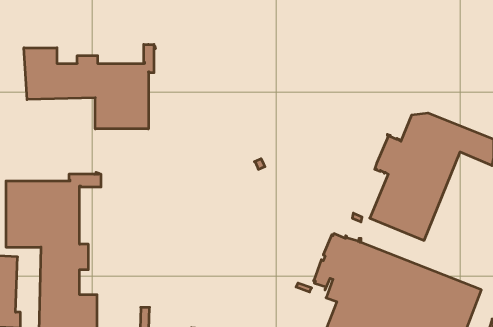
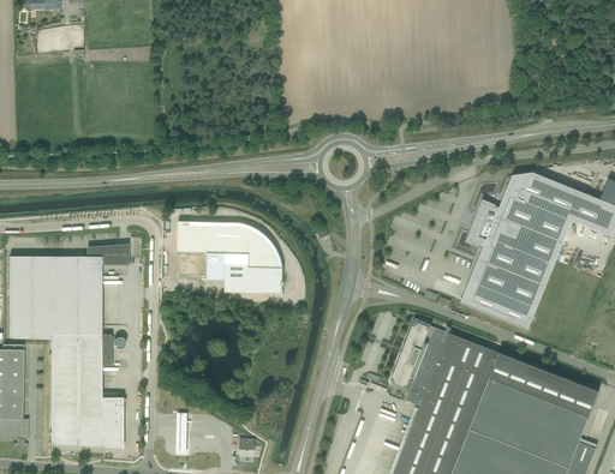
building: [24,44,155,129] -> none
building: none -> [177,220,283,298]

